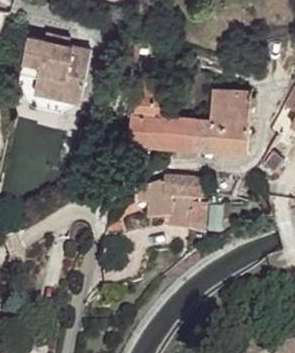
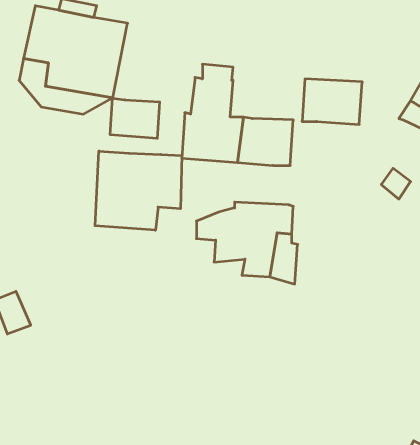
building: none -> [110,98,160,138]
building: [202,117,249,152] -> none
building: none -> [95,151,182,230]

